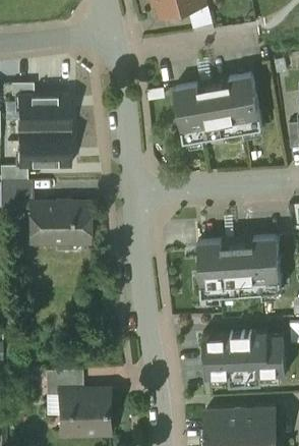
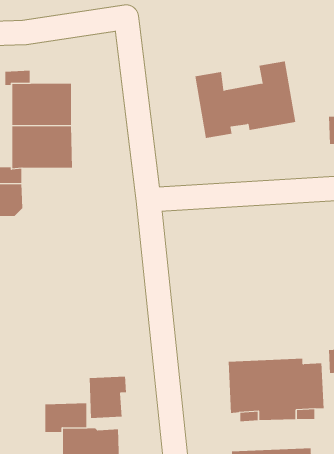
building: [31,200,87,242] -> none
building: [198,234,282,294] -> none
building: none -> [89,376,127,419]

